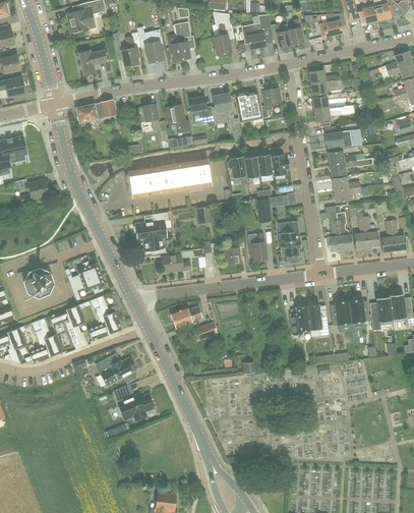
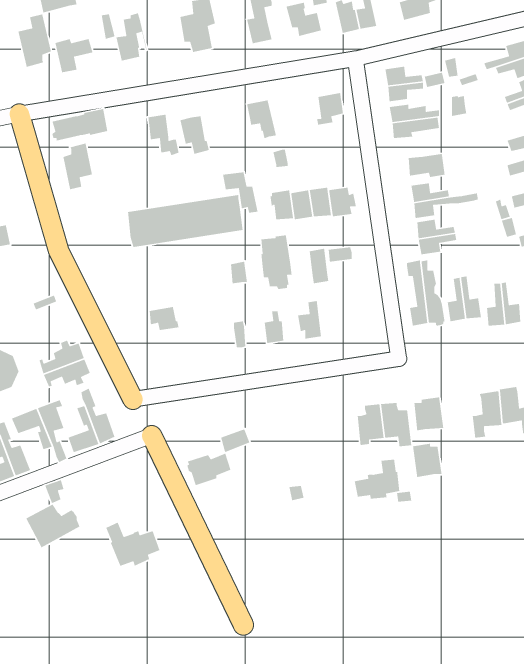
building: none -> [18,14,52,68]
building: [138,34,162,62] -> none
building: [233,91,268,122] -> none
building: [189,97,215,126] -> [222,171,259,214]
building: none -> [62,143,93,190]
building: [133,212,169,241] -> none
building: [278,220,300,259] -> [260,235,292,290]
building: [161,253,190,272] -> none
building: [348,298,369,323] -> [412,443,443,478]
building: [170,305,201,329] -> [187,453,232,486]
building: none -> [354,459,400,499]
building: [96,353,134,385] -> [25,504,80,549]

